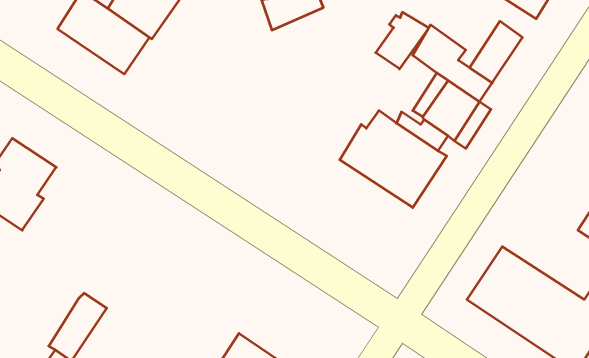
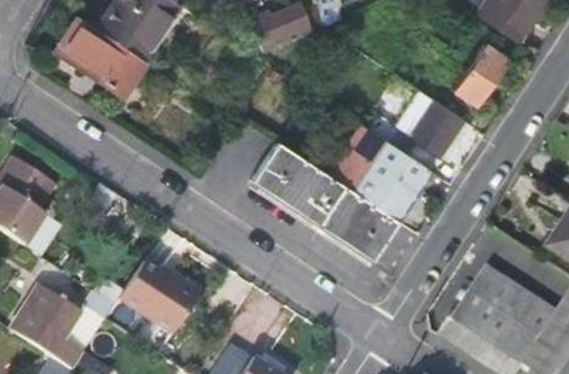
building: [376,12,429,69] -> none
building: none -> [250,142,397,262]
building: none -> [118,261,198,332]
building: none -> [11,285,77,355]

